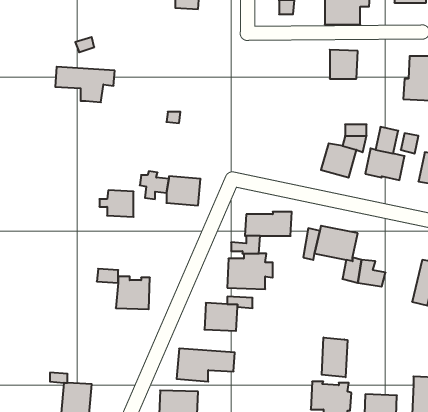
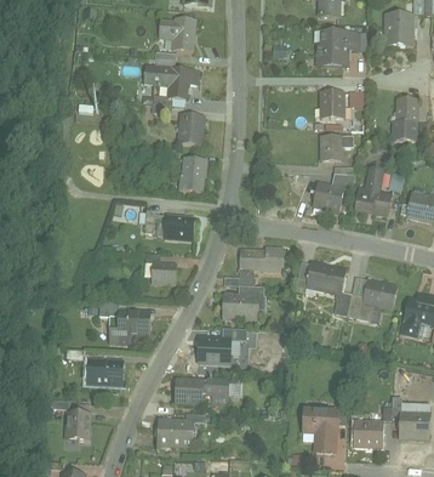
building: [55,67,115,102] -> [144,64,201,98]
building: none -> [178,112,206,144]
building: none -> [322,134,356,159]
building: none -> [179,157,209,192]
building: [99,190,134,217] -> [145,260,178,285]
building: none -> [362,277,399,307]
building: none -> [87,357,125,385]
building: [322,337,347,377] -> none

